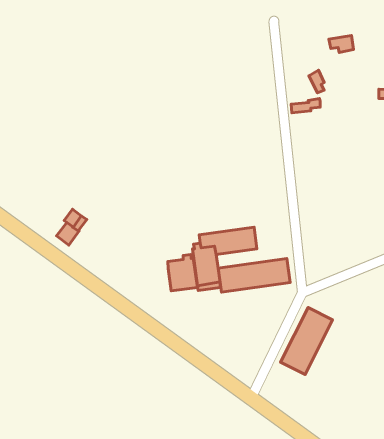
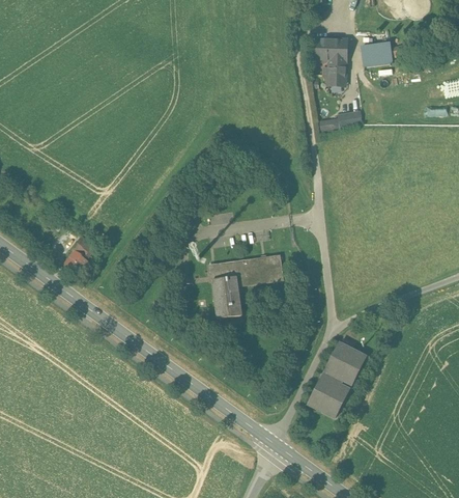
building: none -> [313,37,347,83]
building: [168,255,198,291] -> none
building: [218,259,290,292] -> none

